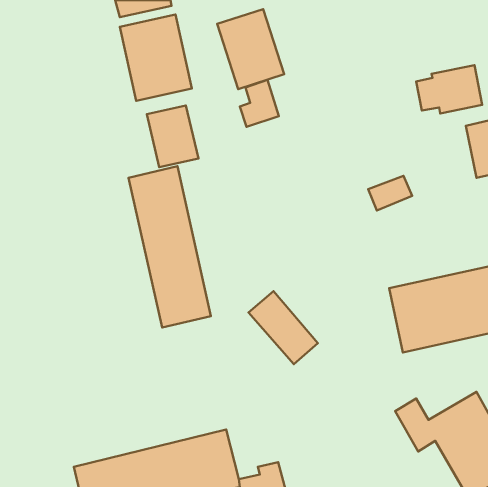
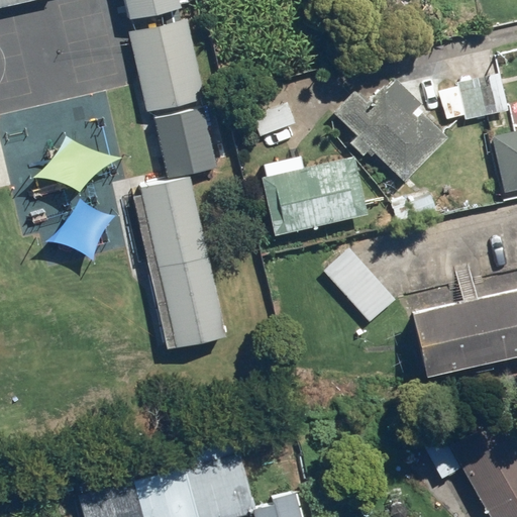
building: [217,9,284,89] -> none
building: none -> [333,78,449,184]
building: none -> [261,156,367,234]
building: [249,291,318,364] -> [324,246,397,323]

